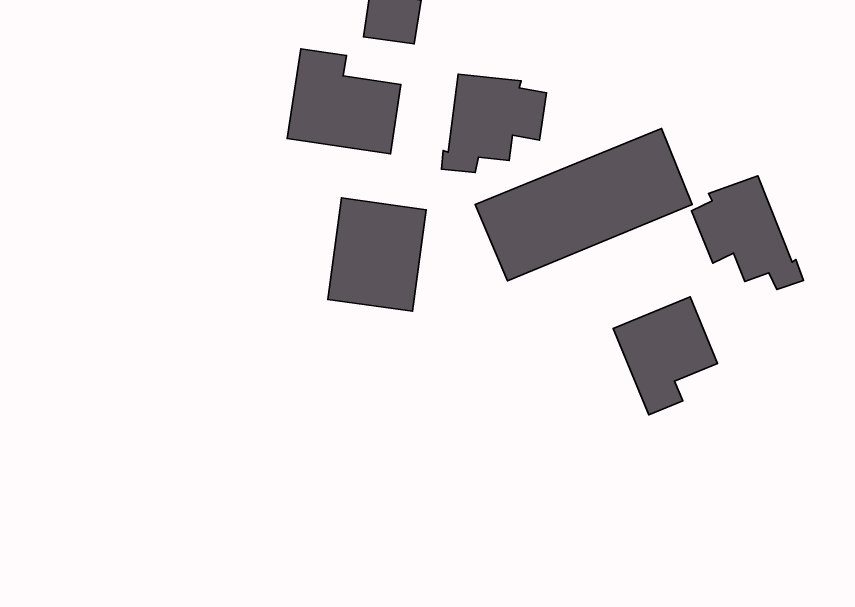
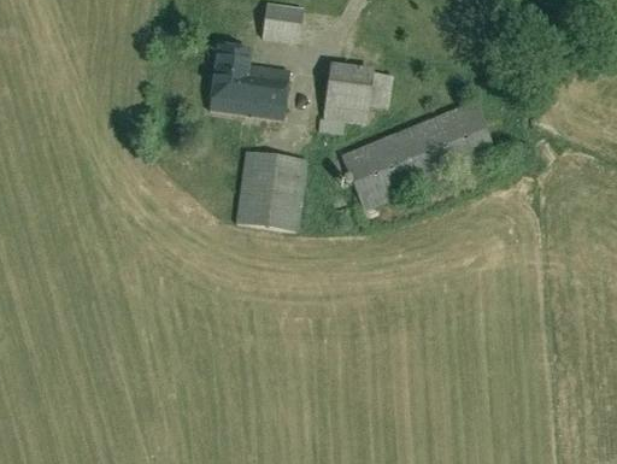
building: [691,176,804,290] -> none
building: [613,297,718,415] -> none

